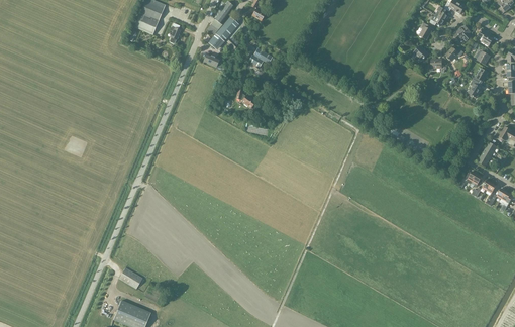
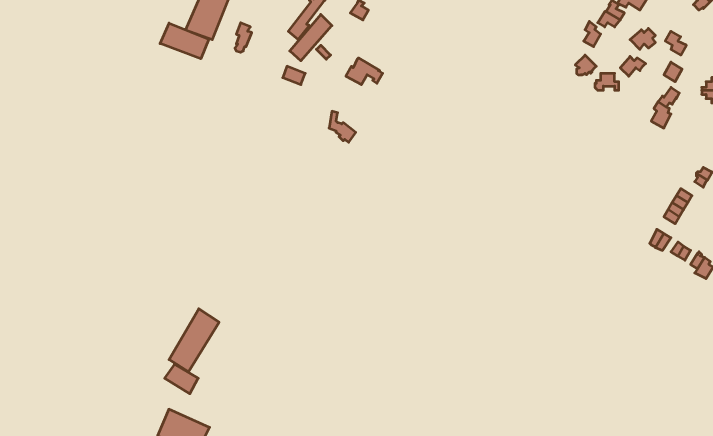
building: none -> [160,23,209,59]
building: none -> [169,309,219,372]

